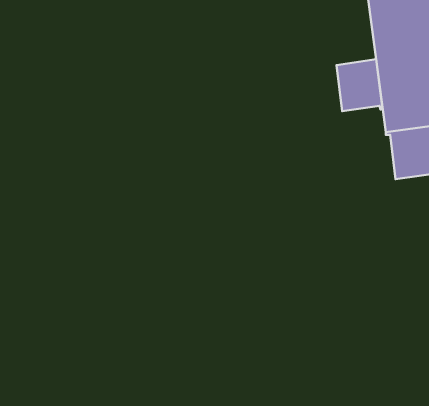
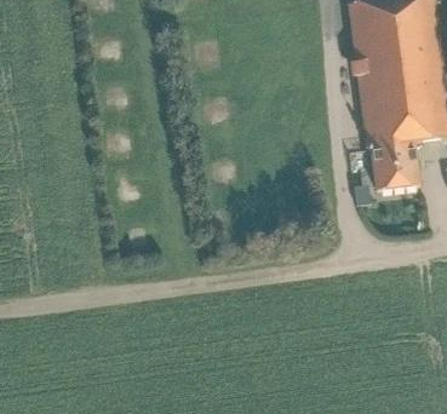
building: [337,59,383,111] -> none

